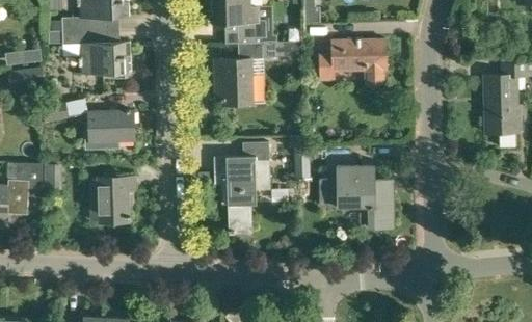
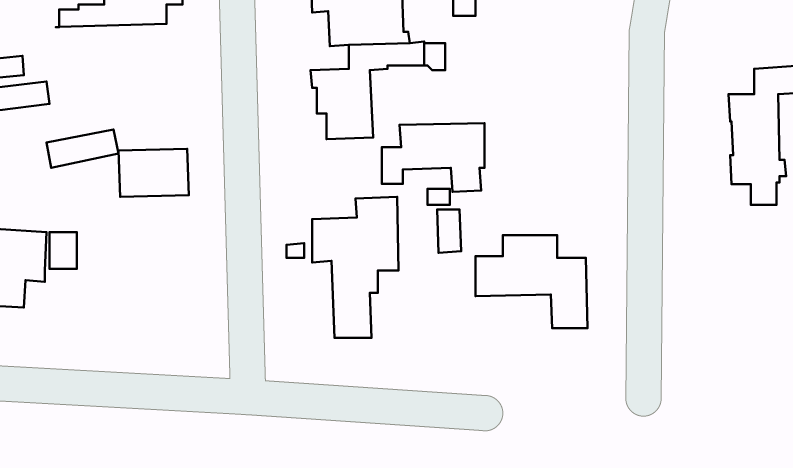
building: [47,30,131,78] -> none
building: [319,41,385,85] -> [382,123,484,192]
building: [87,178,135,223] -> none

